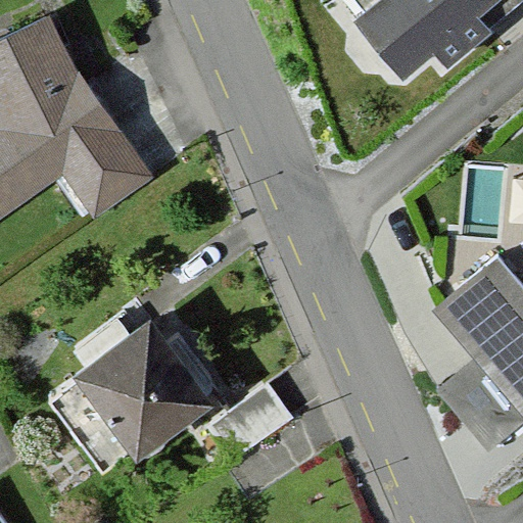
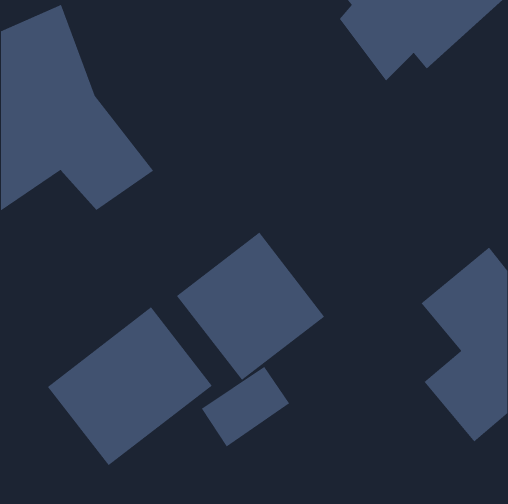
building: none -> [176,231,325,381]

